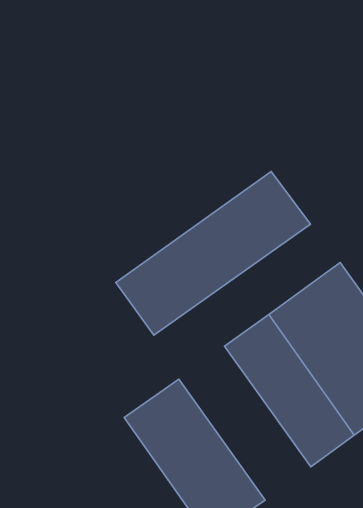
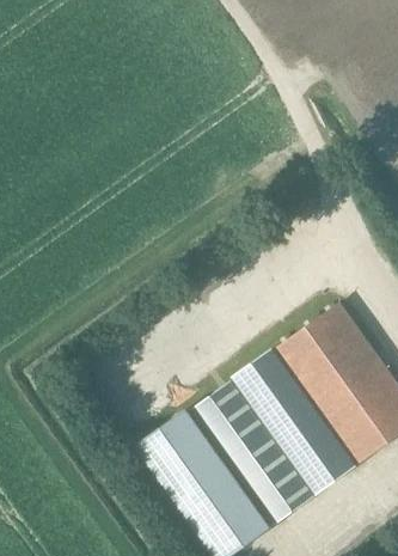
building: [116,172,311,335] -> none
building: none -> [186,381,311,526]

